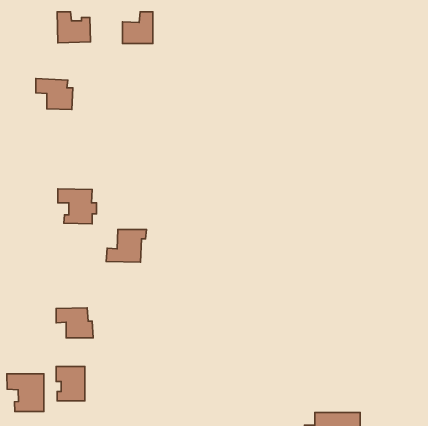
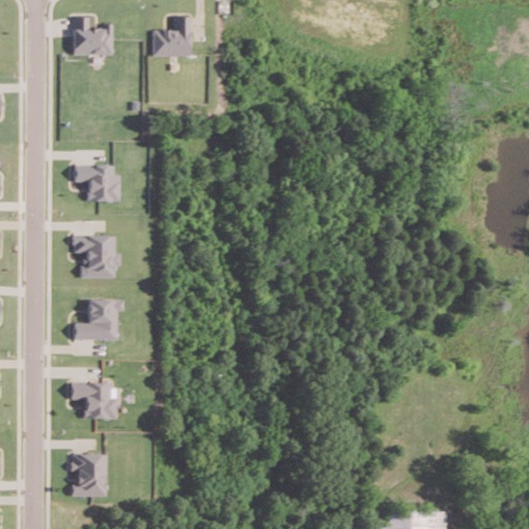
building: [36,79,73,110] -> [74,164,120,203]
building: [106,230,146,262] -> [73,301,123,341]
building: [7,374,44,412] -> none

